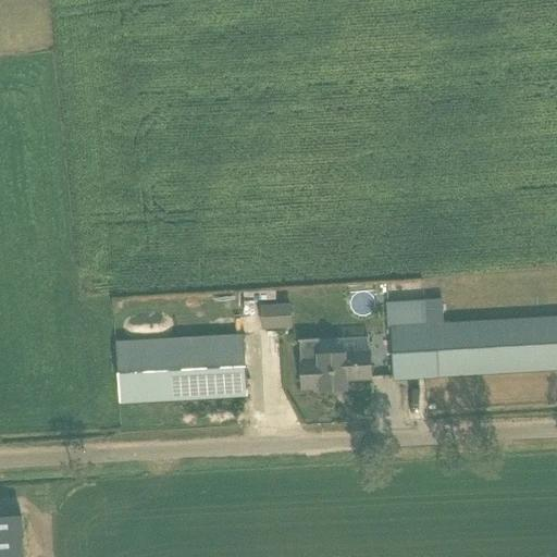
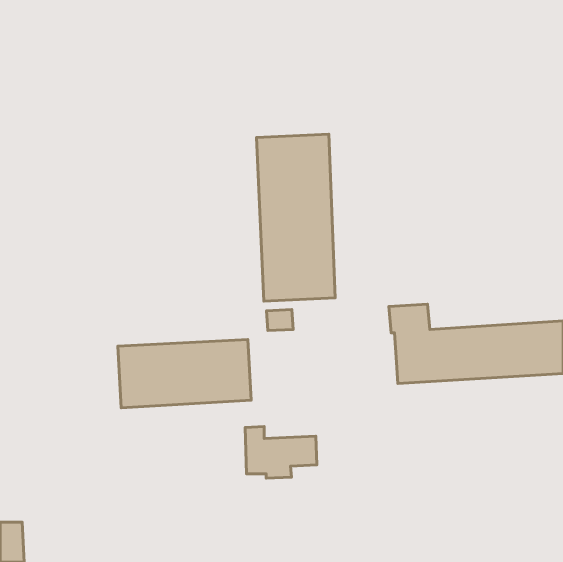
building: none -> [256,134,335,301]
building: [300,339,371,391] -> [245,426,317,478]

